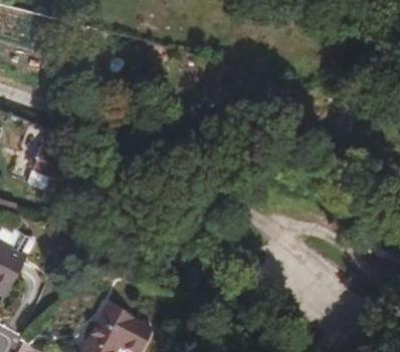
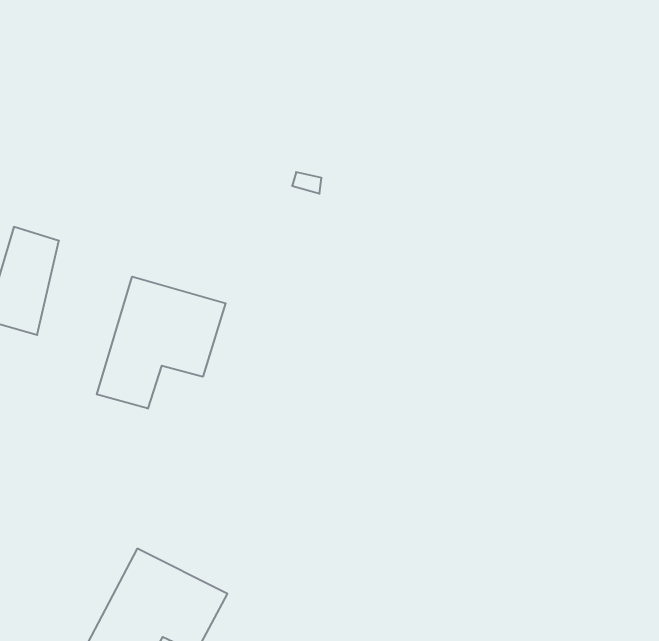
building: none -> [97,277,226,409]

